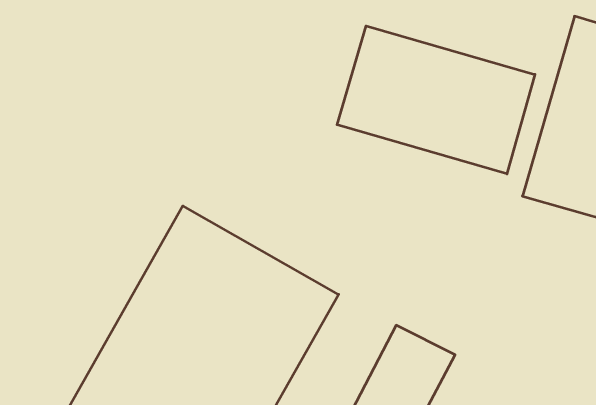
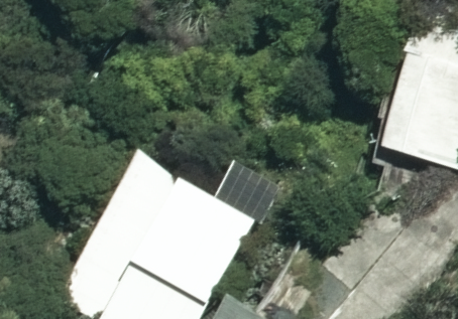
building: [337,26,535,174] -> none

